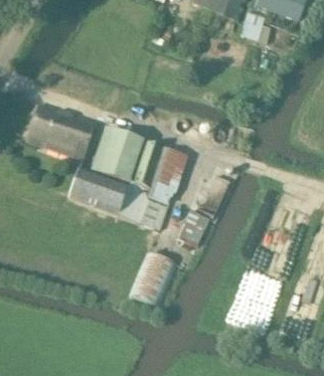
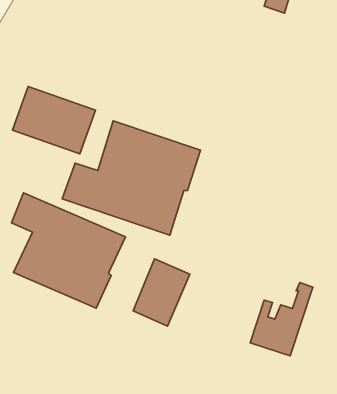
building: none -> [12,193,125,308]
building: [177,209,209,246] -> none

